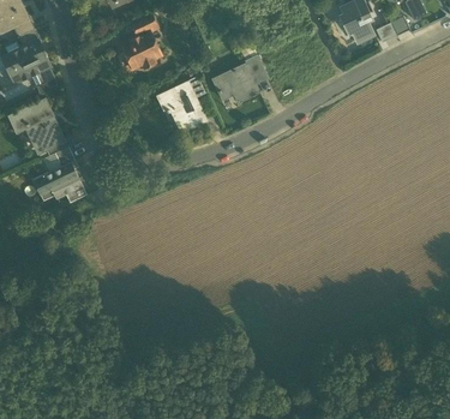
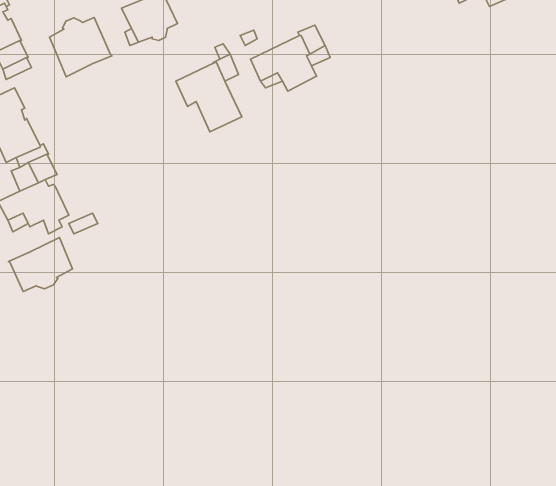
building: none -> [50,18,112,77]
building: none -> [9,237,73,291]

